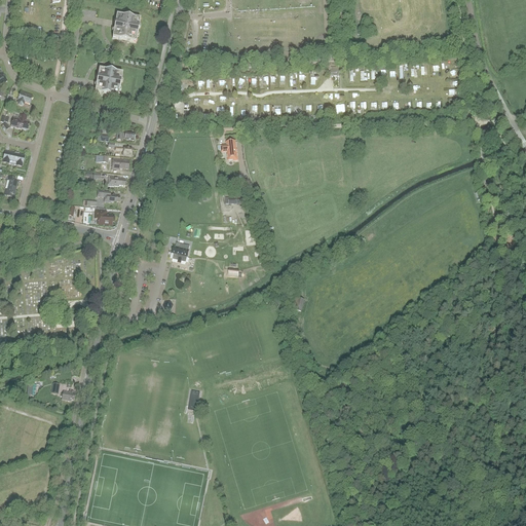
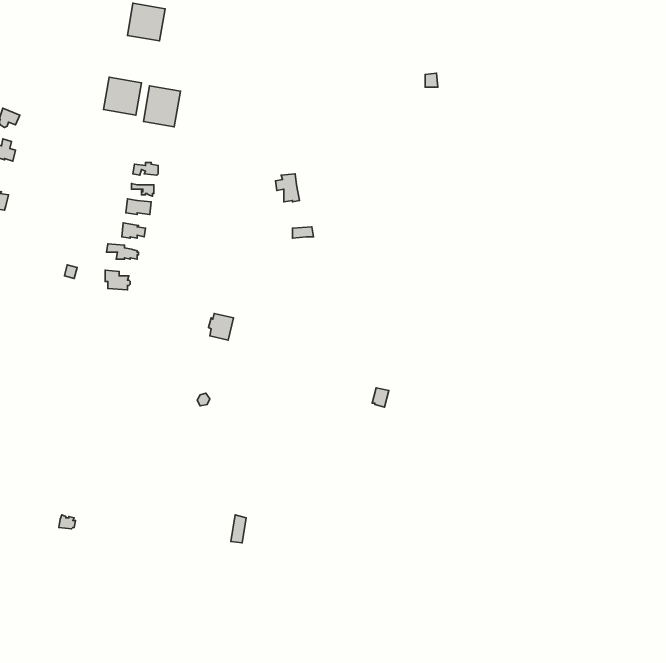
building: none -> [143,86,180,127]

